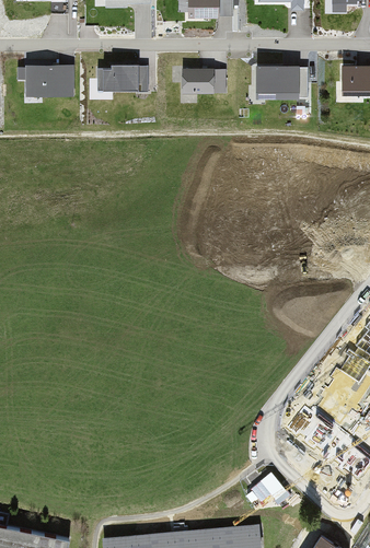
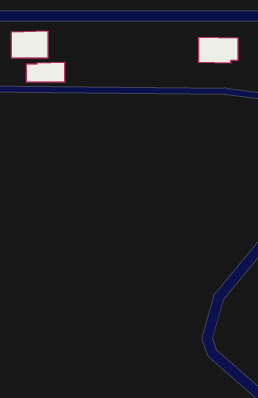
building: [99,69,147,93] -> [26,62,65,82]
building: [183,73,226,93] -> none

